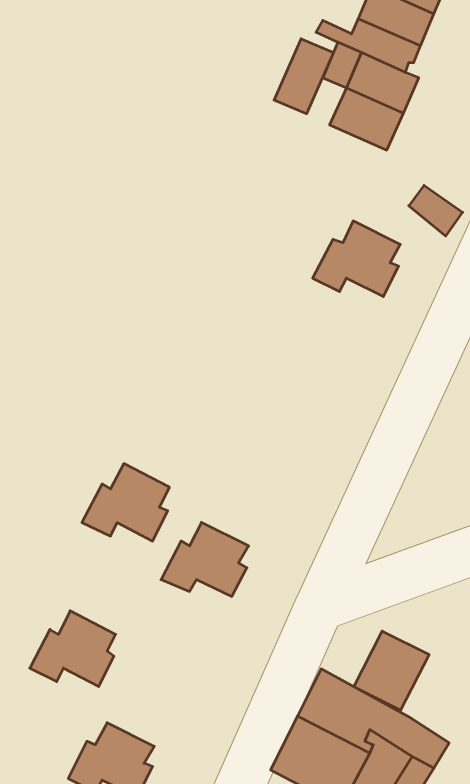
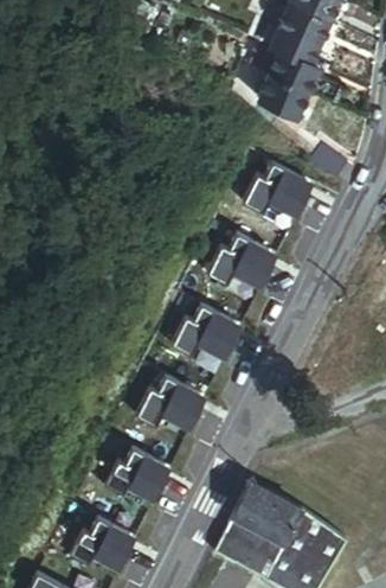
building: [274,39,334,114] -> none
building: none -> [211,237,272,290]
building: [82,464,169,541] -> [175,307,237,362]
building: [30,611,116,687] -> [109,450,169,504]
building: [354,631,429,710] -> none

